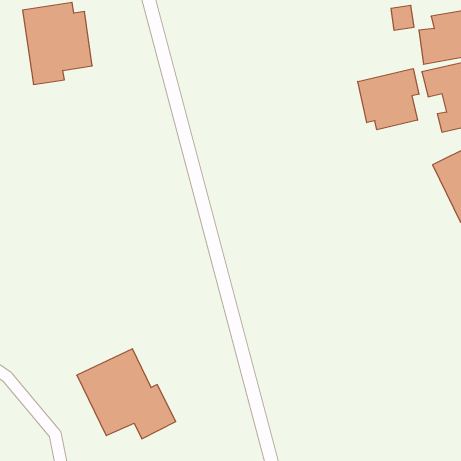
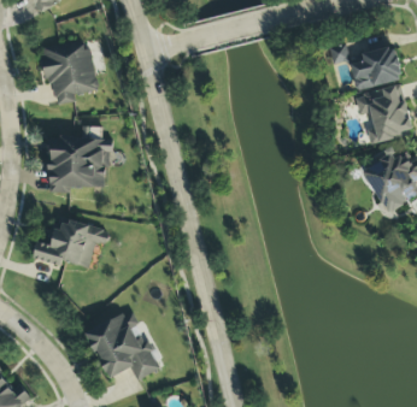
building: [358,69,419,130] -> none
building: none -> [47,137,107,193]
building: none -> [31,217,107,267]

